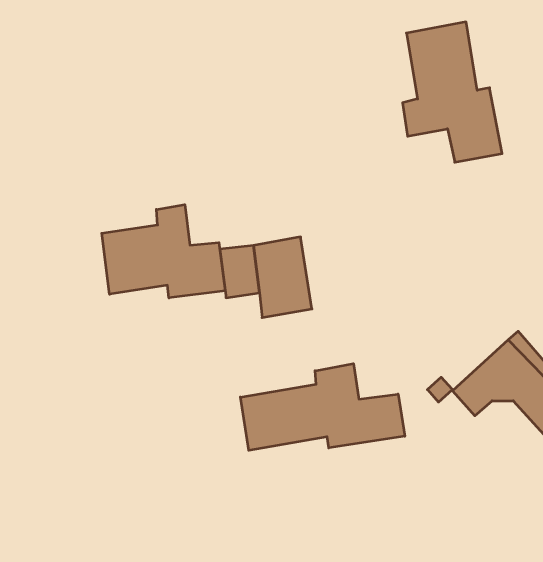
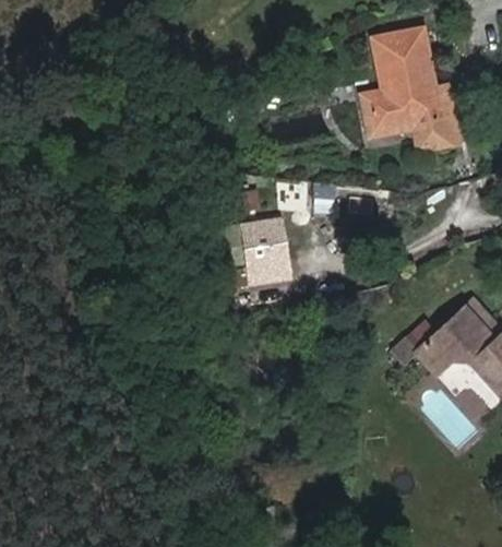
building: [102,205,225,298] -> none
building: [240,364,405,450] -> none

